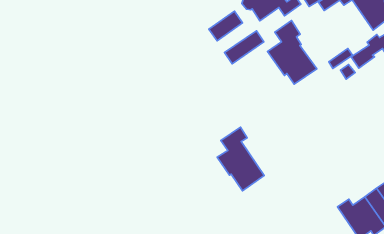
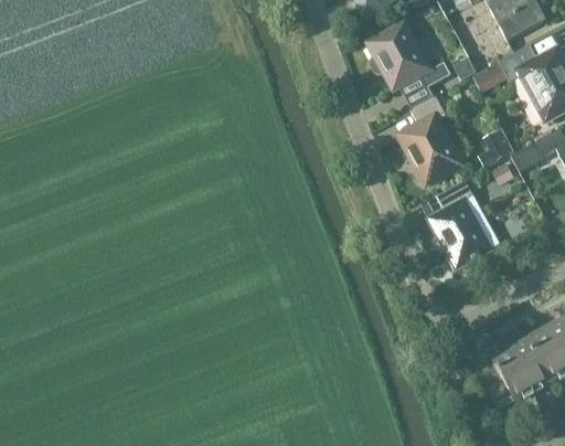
building: [209,11,243,41] -> none
building: [225,31,264,64] -> none
building: [217,127,264,191] -> [427,179,489,266]

